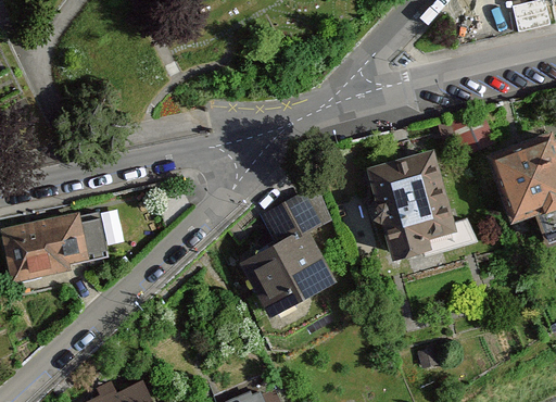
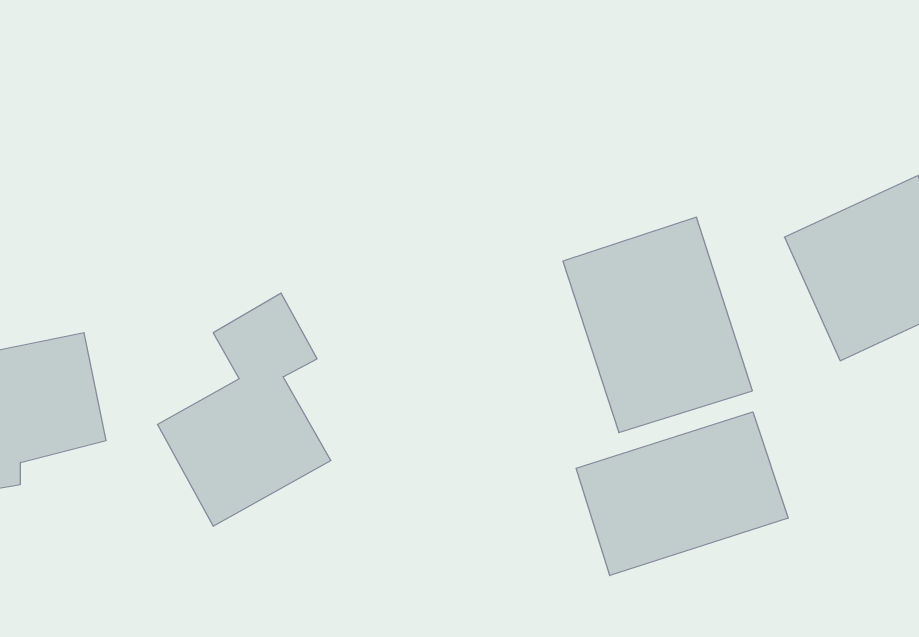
building: [238,190,332,317] -> [157,293,331,526]
building: none -> [576,412,788,576]

